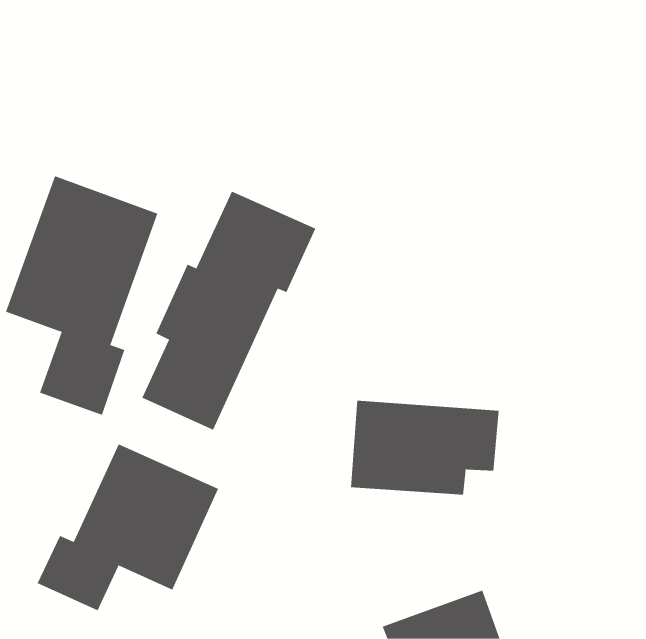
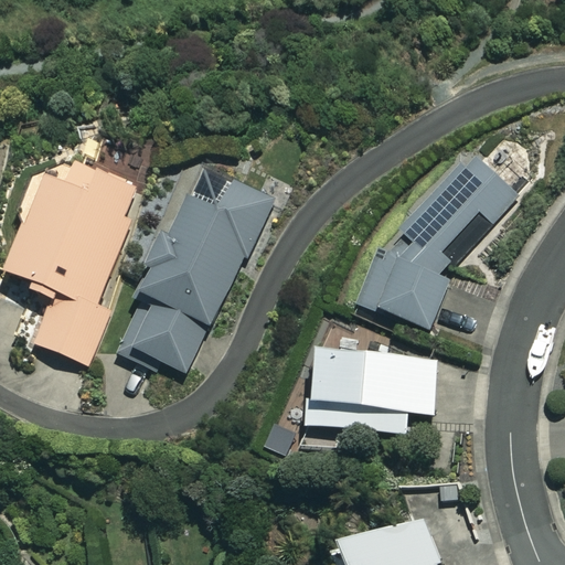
building: none -> [355,149,514,328]
building: [37,443,219,611] -> none

